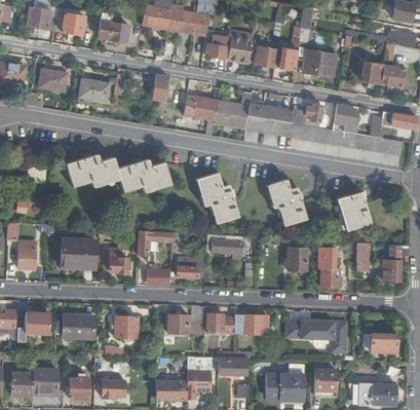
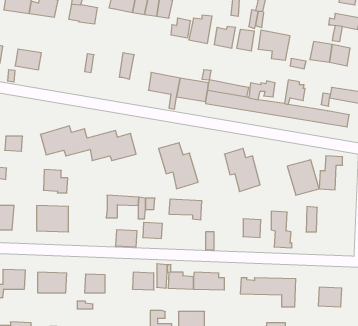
building: [78,80,109,102] -> none
building: [382,245,408,282] -> [319,156,343,190]
building: [103,248,129,273] -> [43,170,68,193]

